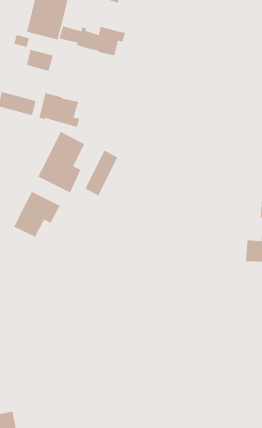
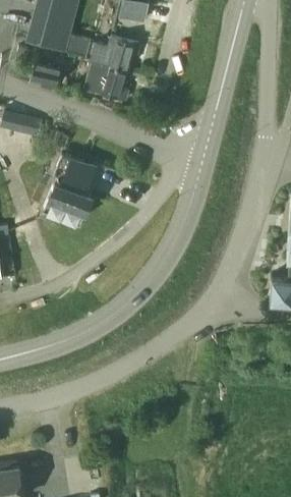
building: [38,92,80,128] -> [83,60,129,100]
building: [85,150,118,197] -> none
building: [13,191,61,238] -> none

